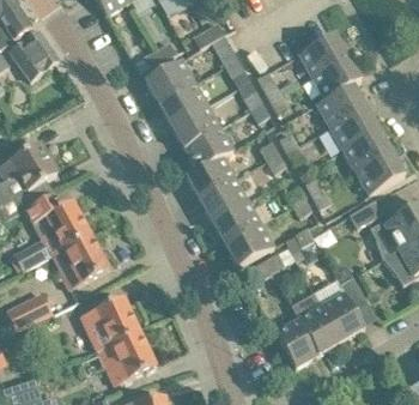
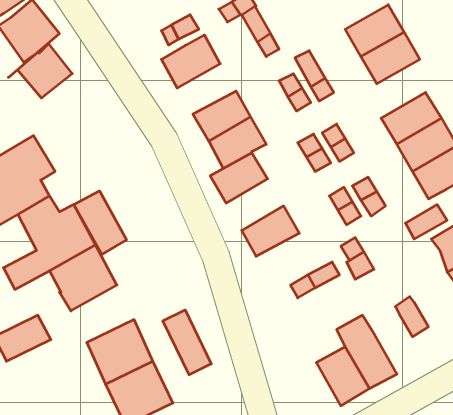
building: none -> [8,44,72,98]
building: [315,78,365,127] -> none
building: [158,81,207,123] -> none
building: [199,177,247,220] -> none
building: none -> [74,191,126,254]
building: [224,223,273,266] -> none
building: none -> [163,310,211,375]
building: [321,291,364,340] -> none

